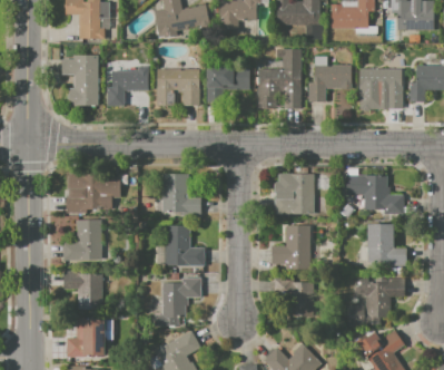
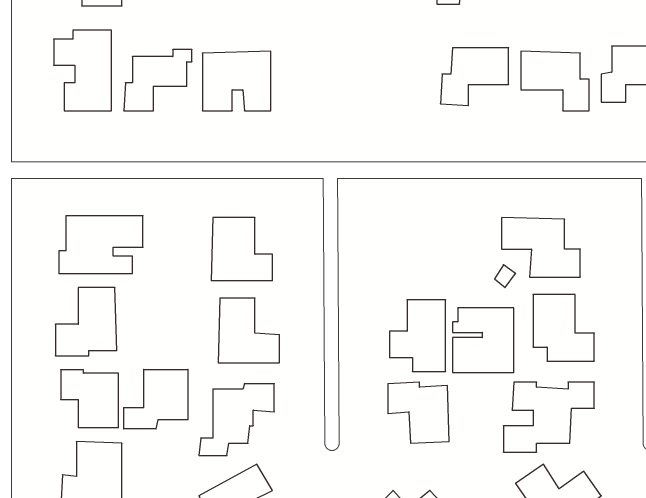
building: [258,48,302,113] -> none
building: [207,64,250,104] -> none
building: [275,174,314,215] -> [453,308,514,373]
building: none -> [124,369,188,429]

